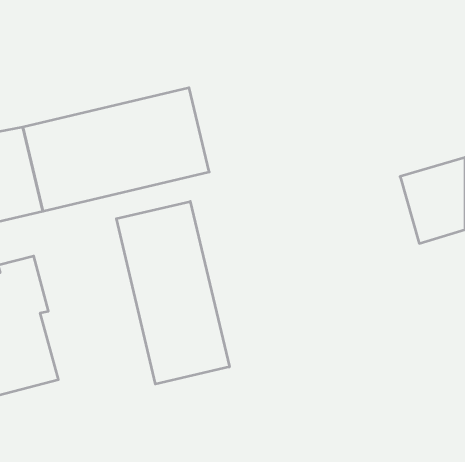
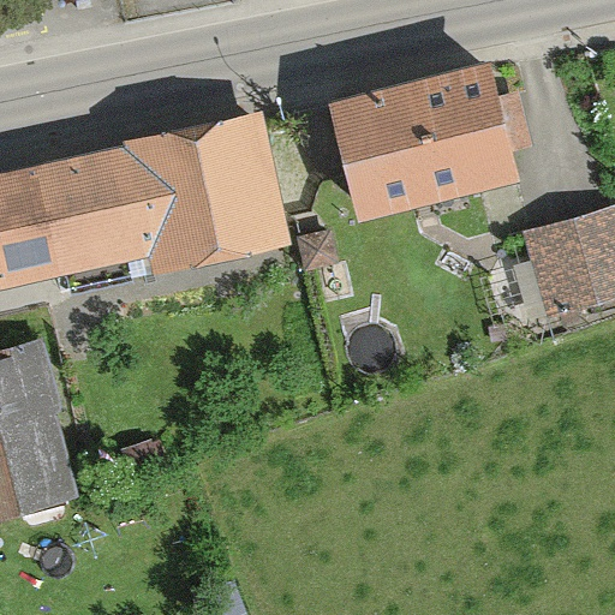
building: none -> [329,65,520,222]
building: [116,201,229,384] -> none

